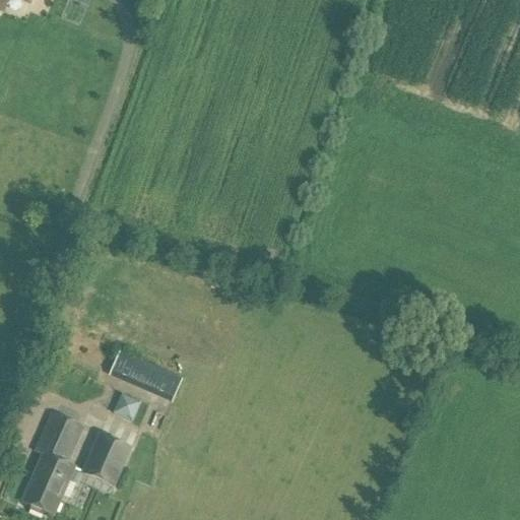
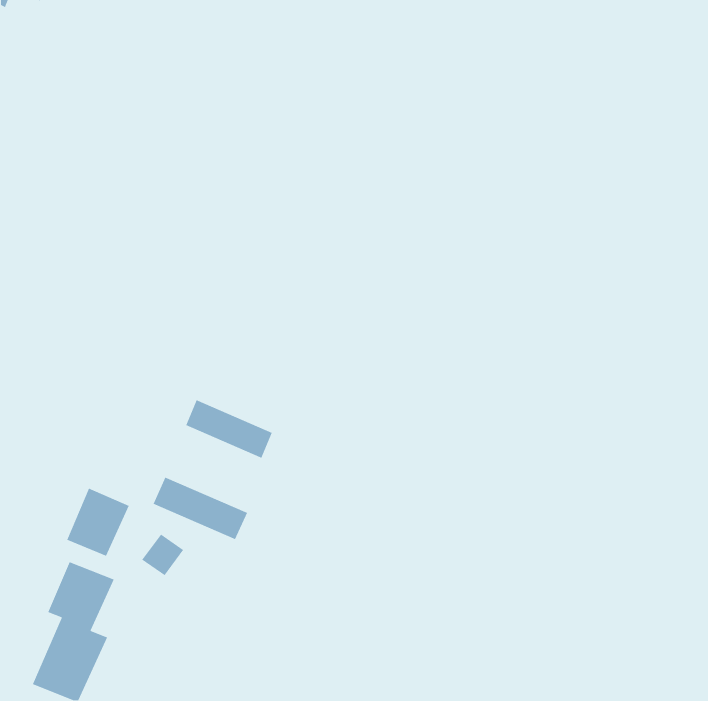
building: none -> [185,399,273,459]
building: [85,432,132,482] -> [66,488,130,557]

